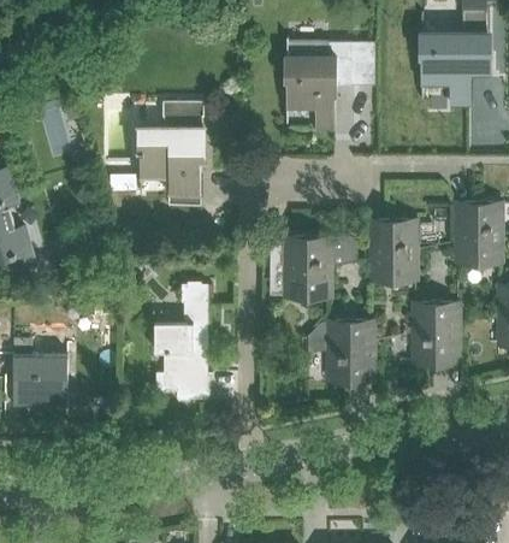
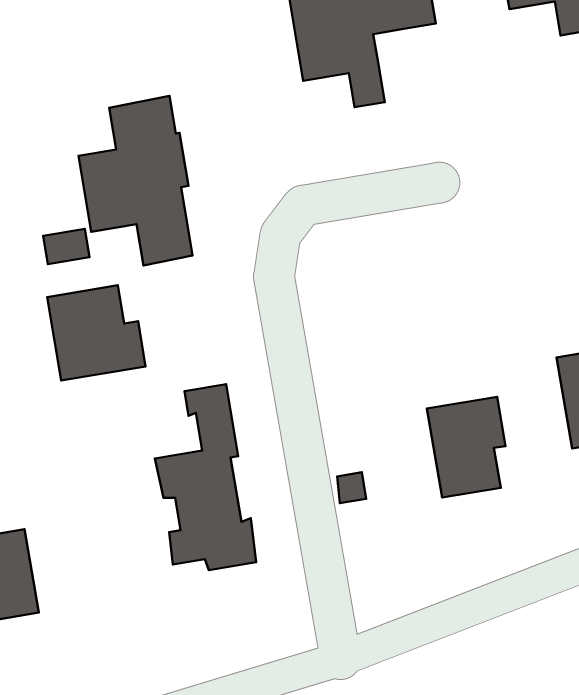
building: none -> [47,285,146,381]
building: [371,223,415,279] -> none
building: [271,240,356,296] -> none

